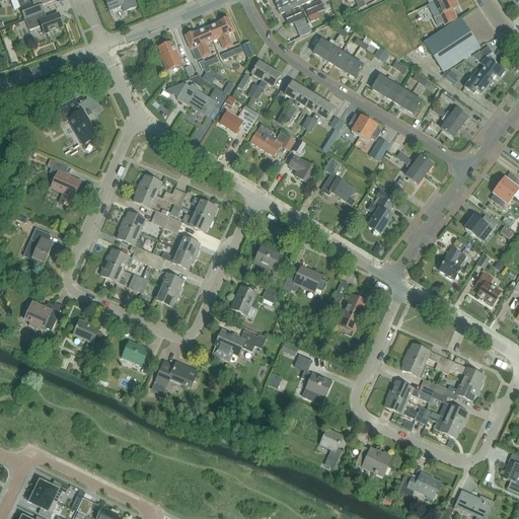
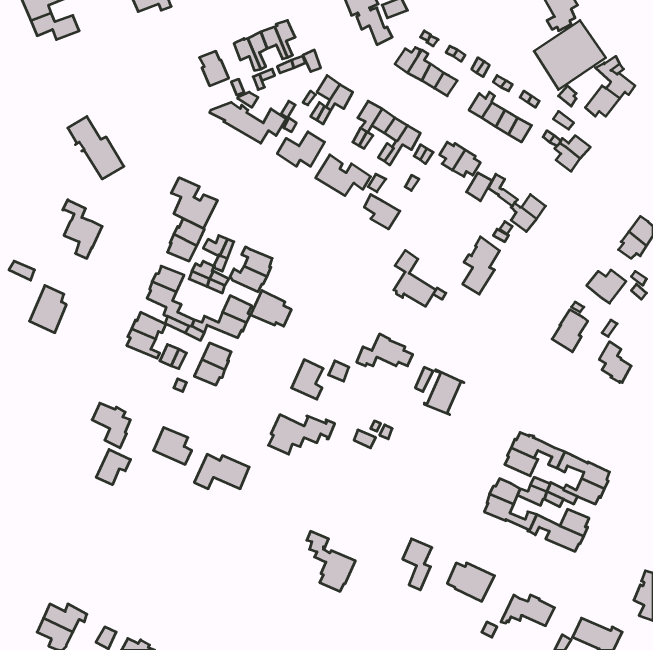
building: none -> [171,178,217,228]
building: [321,156,355,201] -> [394,250,436,306]
building: [253,242,286,271] -> [250,290,291,326]
building: [24,300,63,329] -> none
building: [294,356,332,403] -> [307,531,355,591]
building: none -> [96,449,131,485]

